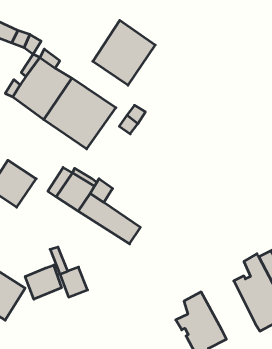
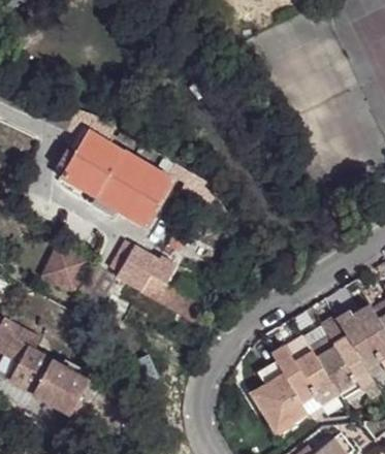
building: [93,20,155,85] -> none
building: [25,265,61,299] -> none
building: none -> [271,346,336,407]

